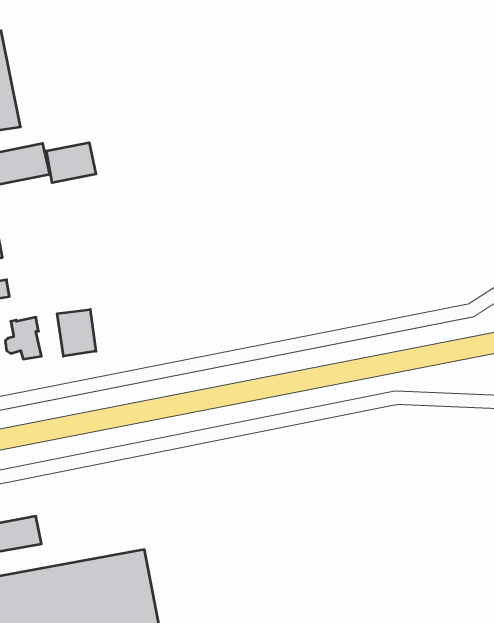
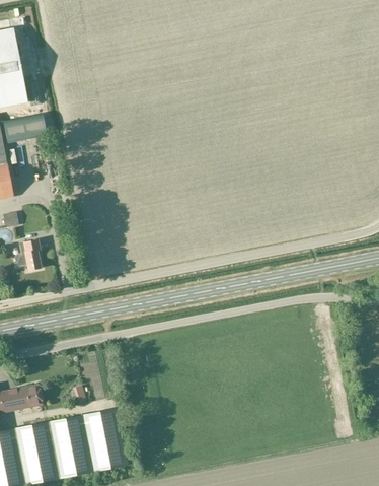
building: [46,143,96,183] -> none
building: [57,309,96,356] -> none

